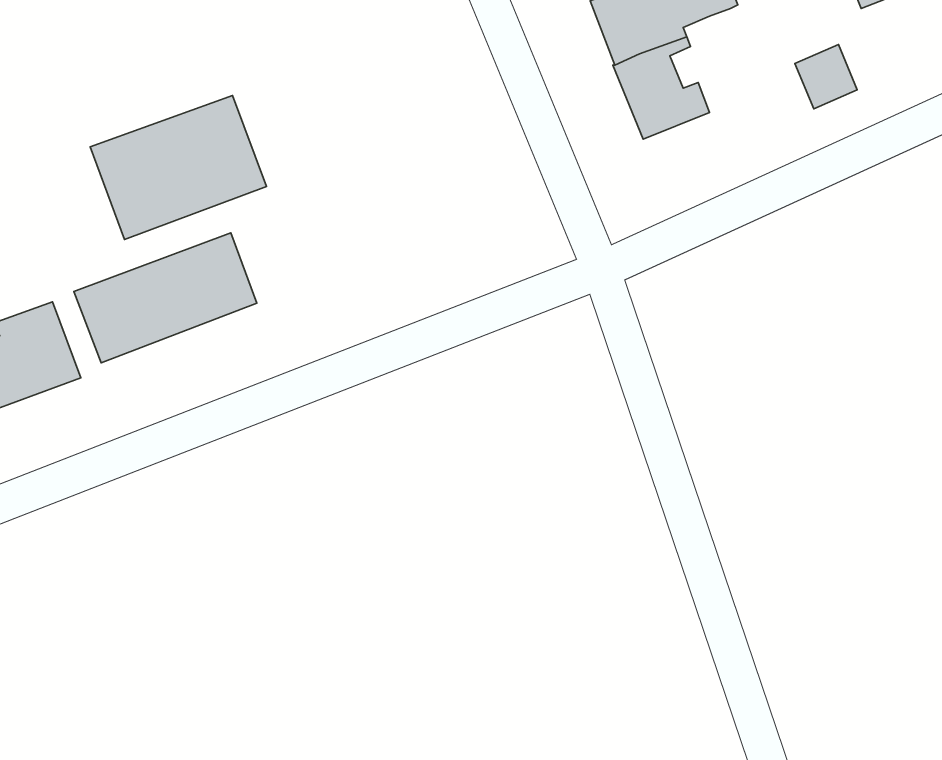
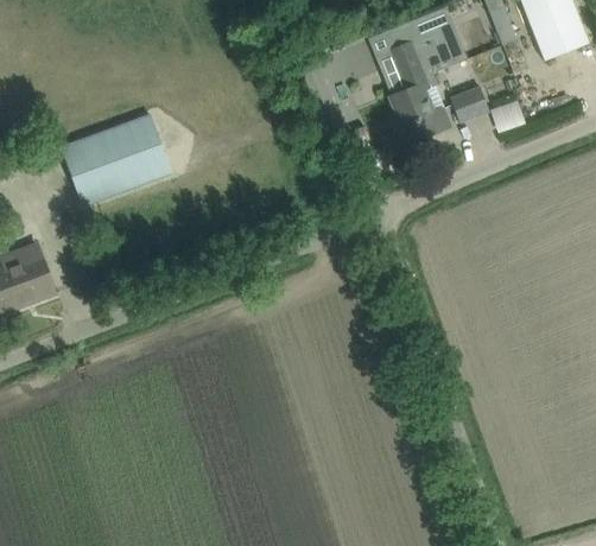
building: none -> [449,85,488,122]
building: [74,233,257,363] -> none

